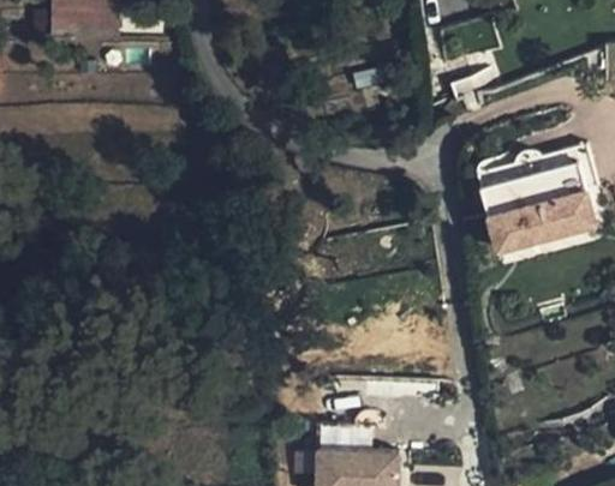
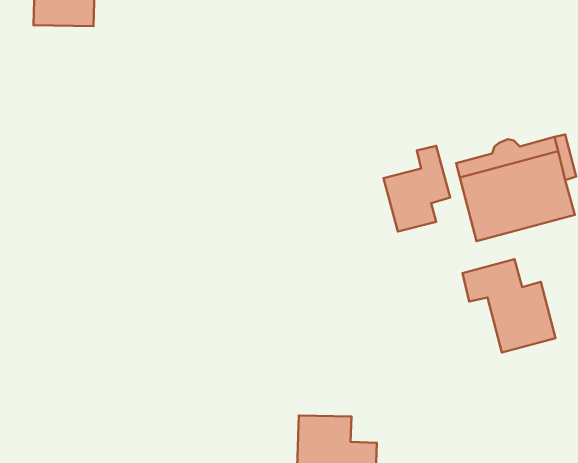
building: none -> [383,146,450,232]
building: none -> [462,259,556,353]

